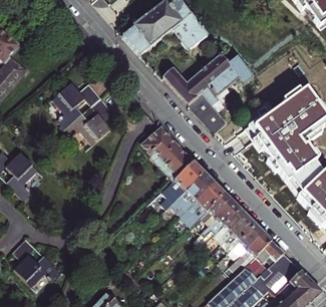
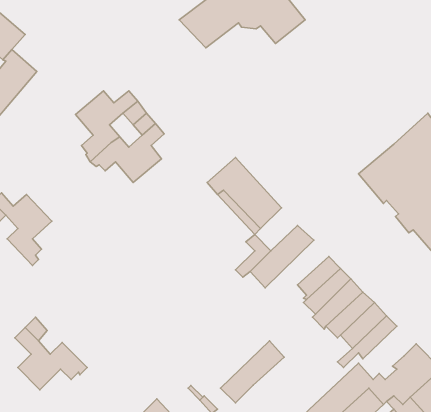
building: [165,48,255,131] -> none
building: [175,161,204,190] -> none
building: [182,183,225,225] -> [221,341,284,403]
building: [245,241,284,277] -> none

